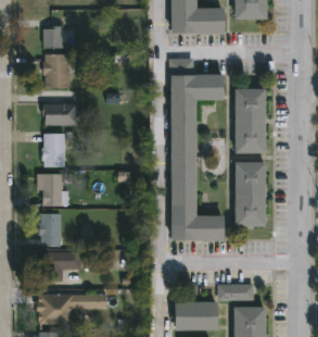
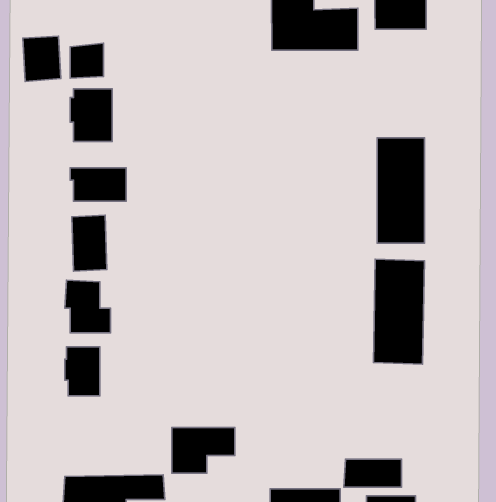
building: none -> [23,36,61,82]
building: [170,58,224,240] -> none
building: [43,253,82,282] -> [172,428,235,473]

